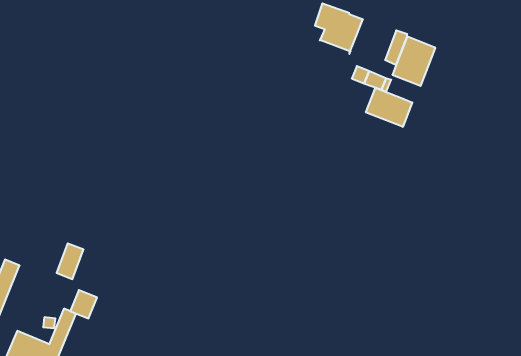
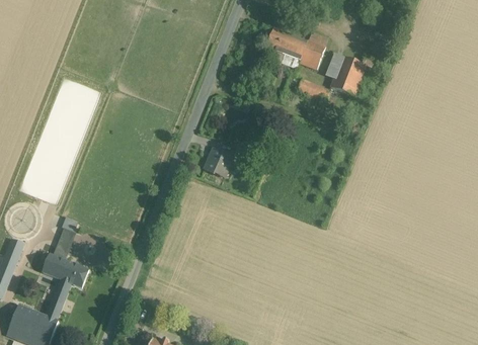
building: none -> [299,41,326,69]
building: [366,88,412,127] -> none
building: none -> [205,142,239,175]
building: none -> [43,255,73,281]

